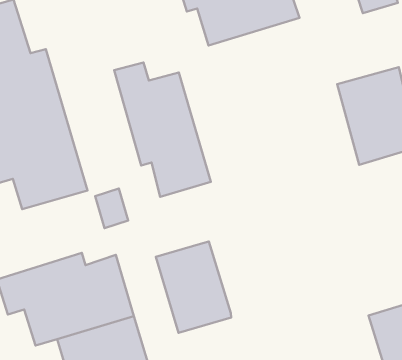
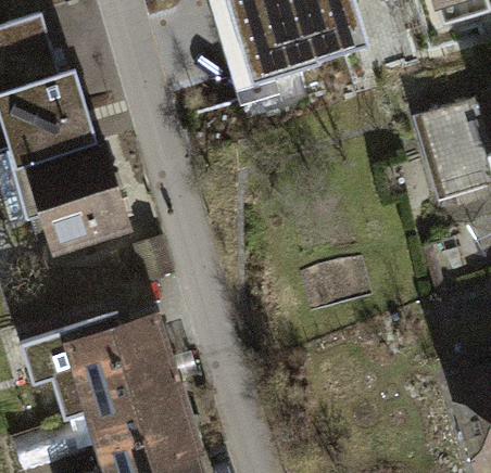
building: [114,63,211,197] -> none
building: [156,241,231,333] -> none

